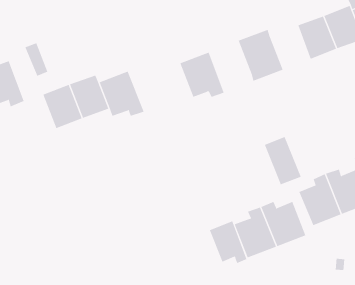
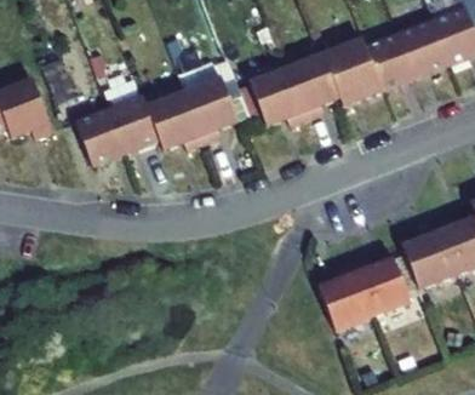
building: none -> [364,33,414,90]
building: none -> [286,52,339,119]
building: none -> [183,76,238,143]
building: [264,136,301,185] -> none
building: [209,221,247,264] -> none

